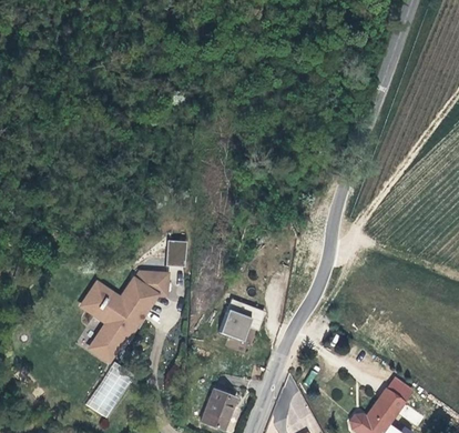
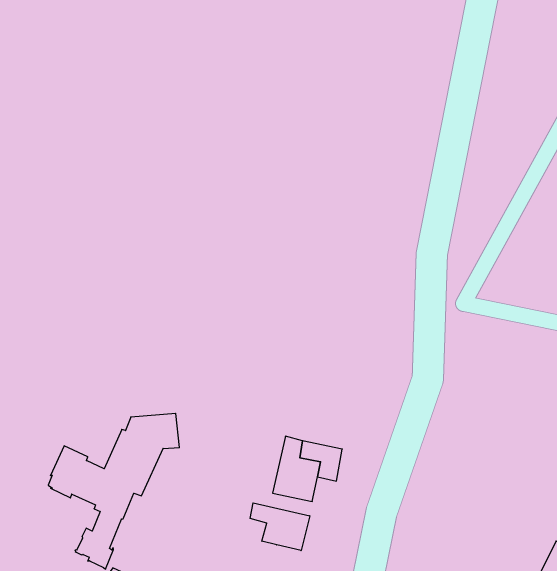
building: [165,240,186,266] -> none
building: none -> [250,503,310,551]

